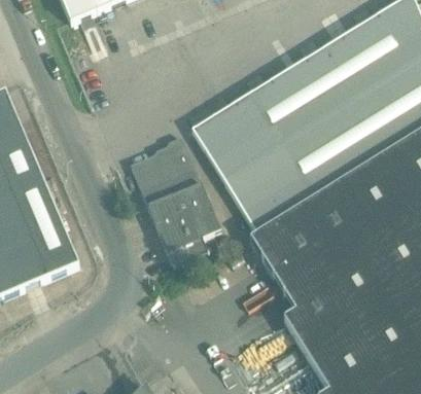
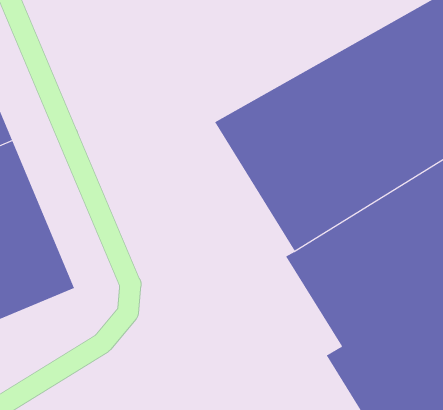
building: [132,132,222,261] -> none

